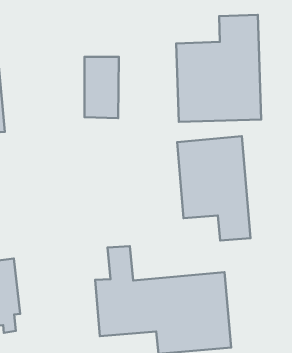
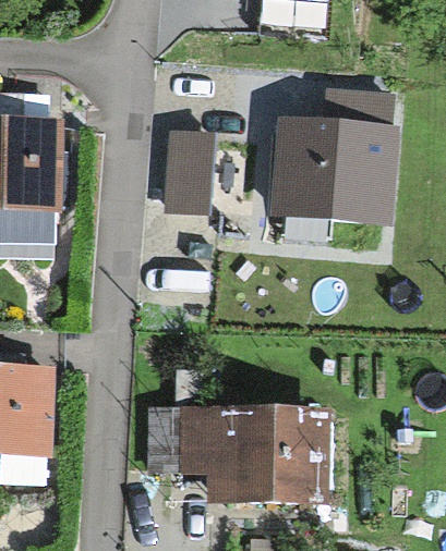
building: [177,136,250,241] -> none

